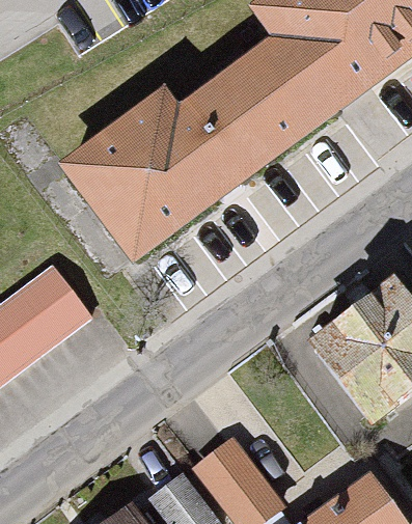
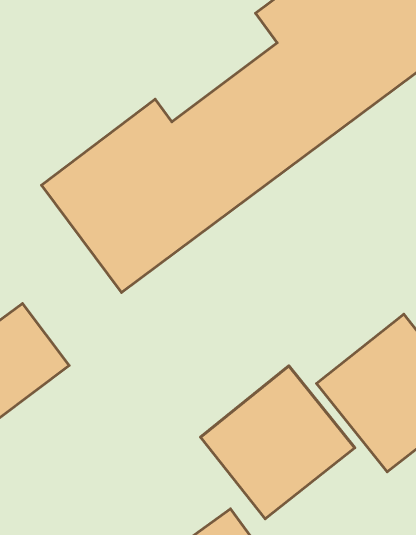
building: none -> [200,366,355,519]

